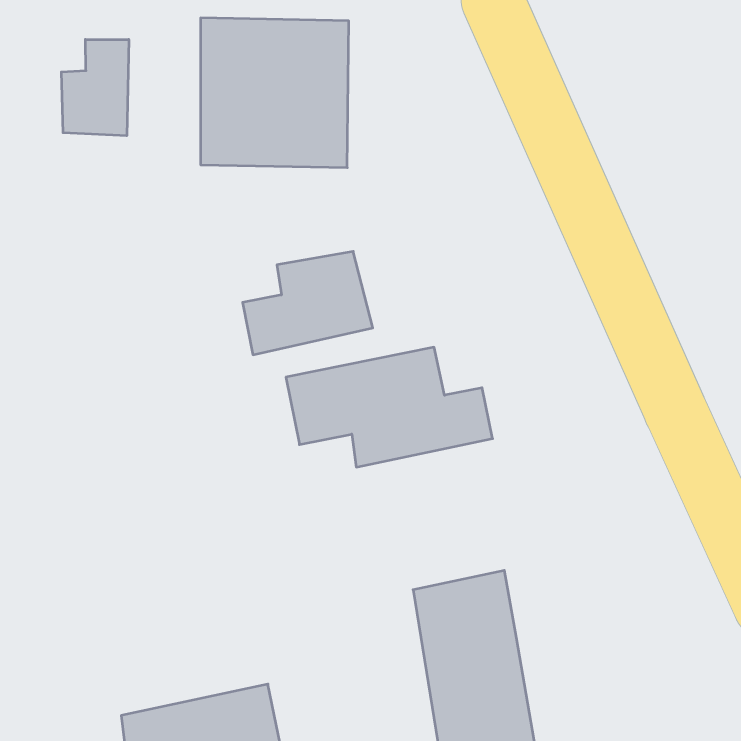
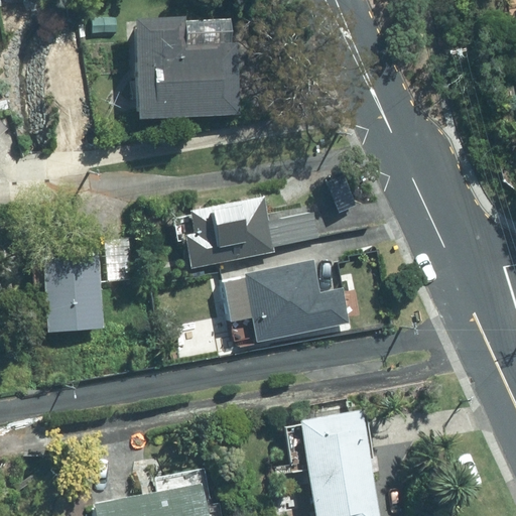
building: [61,39,129,136] -> none
building: none -> [37,269,101,320]

